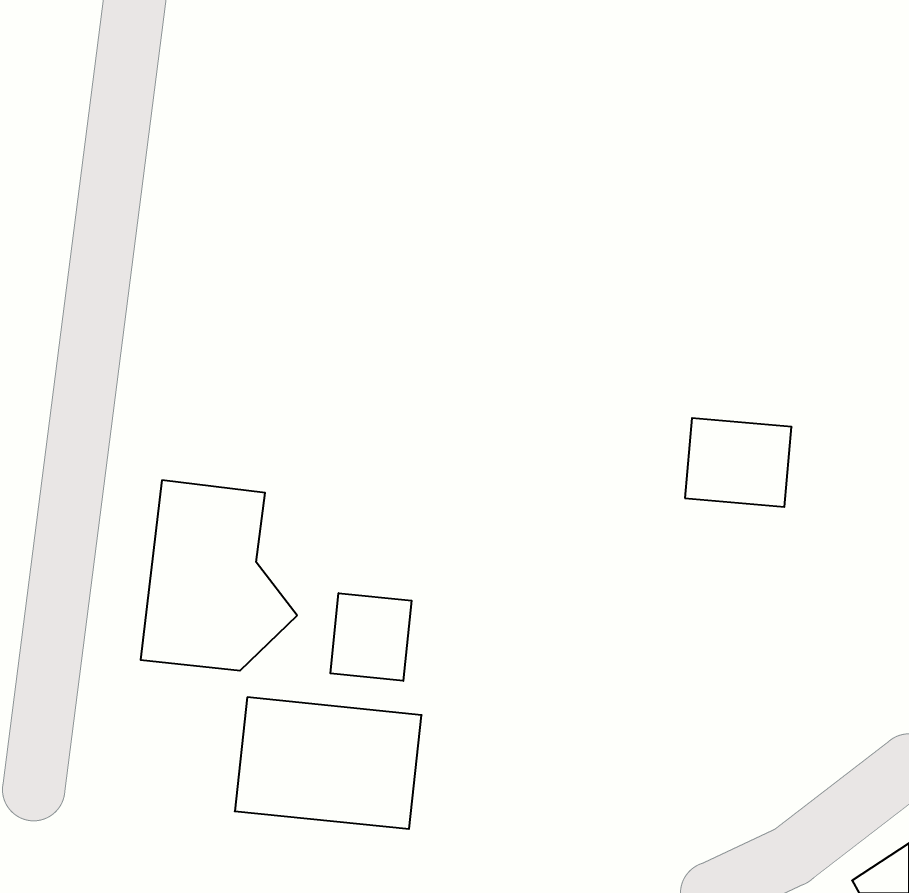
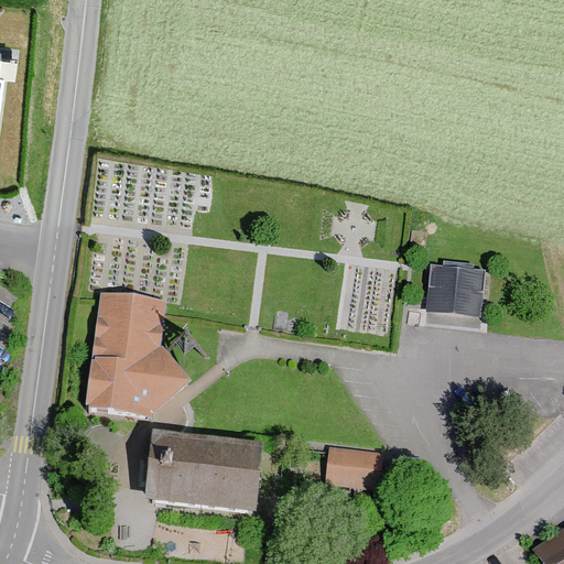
building: [330,593,412,681] -> none
building: none -> [325,445,381,486]

